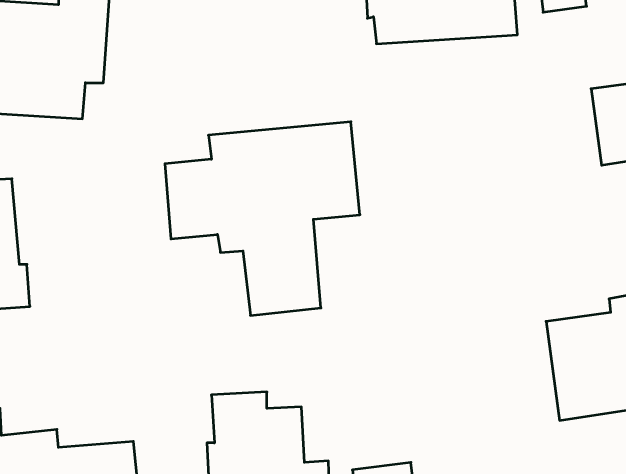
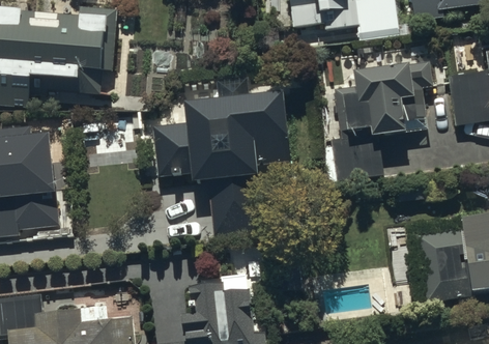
building: none -> [333,60,433,179]

